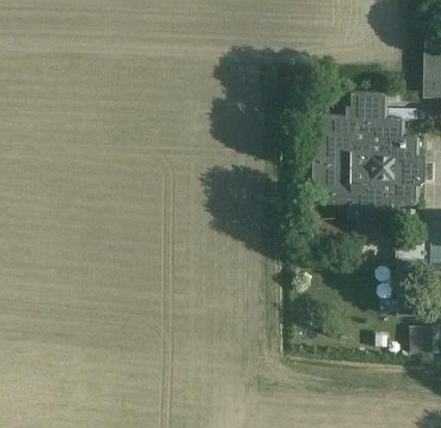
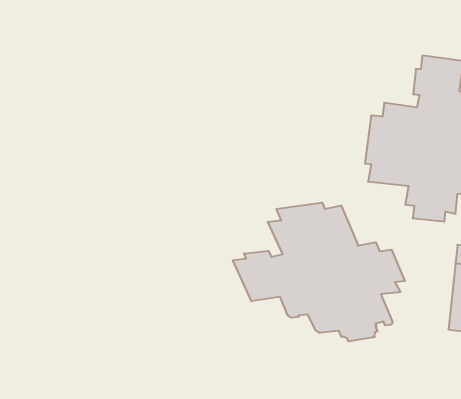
building: none -> [233,202,405,341]

